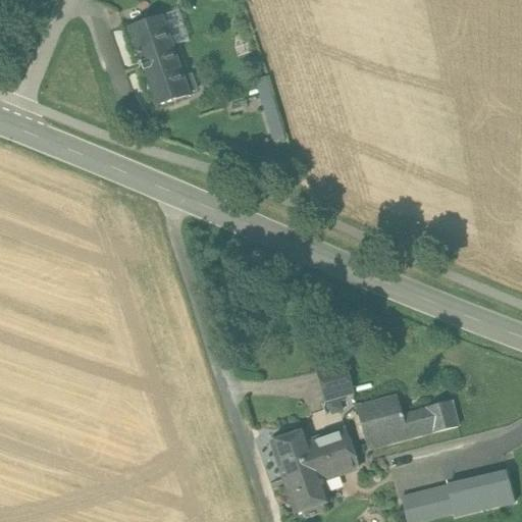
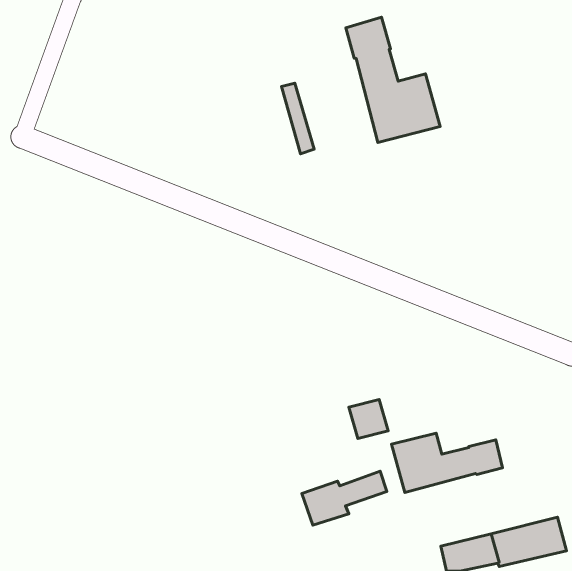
building: [127,14,190,105] -> none
building: none -> [346,17,440,142]
building: [284,447,358,511] -> none

